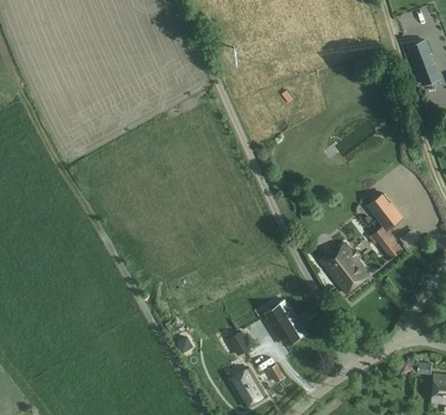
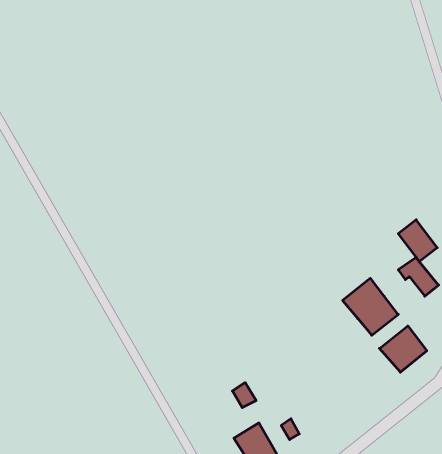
building: none -> [379,326,427,372]
building: [265,302,303,345] -> none

